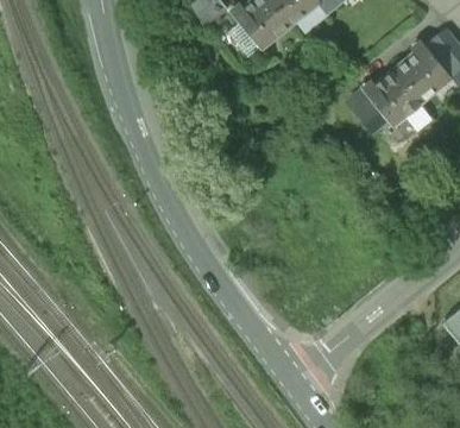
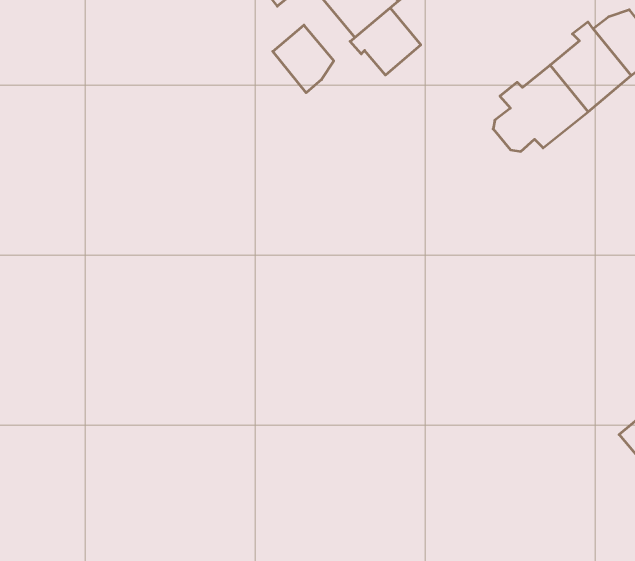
building: none -> [350,8,421,75]
building: none -> [273,25,334,93]

